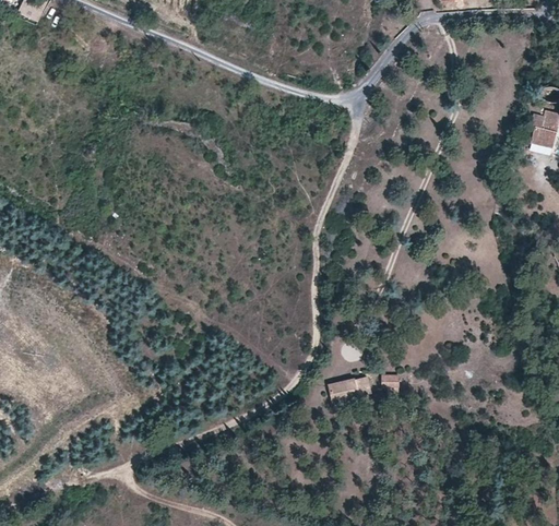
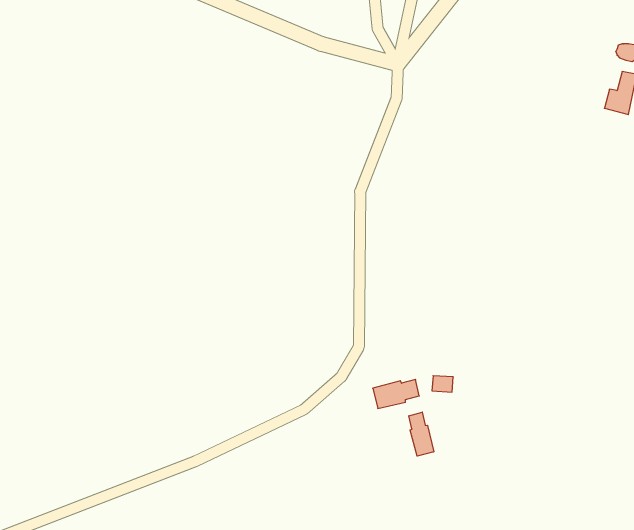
building: none -> [409,412,434,456]

